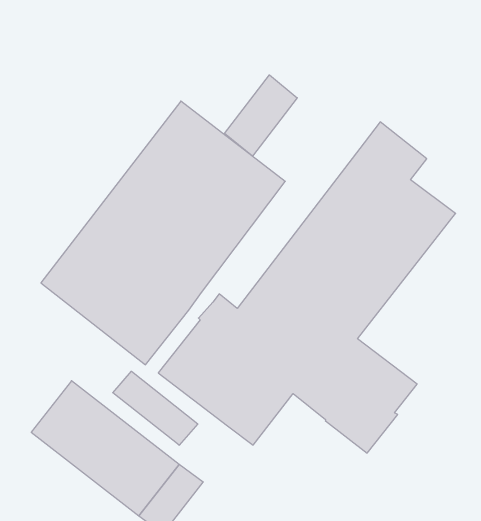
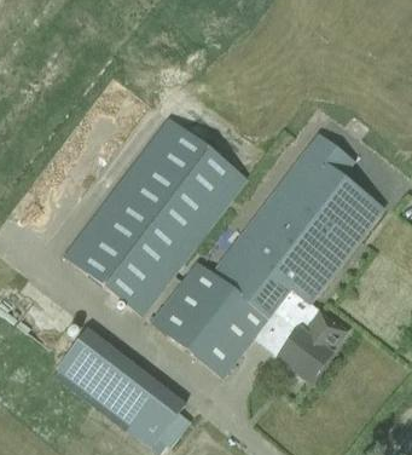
building: [224,75,297,156] -> none
building: [113,371,198,445] -> none

